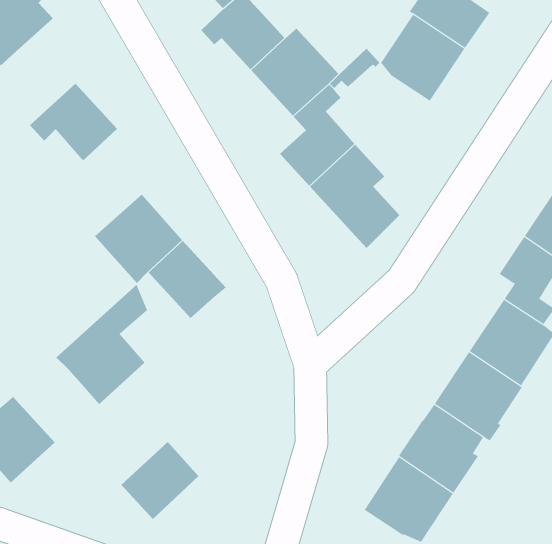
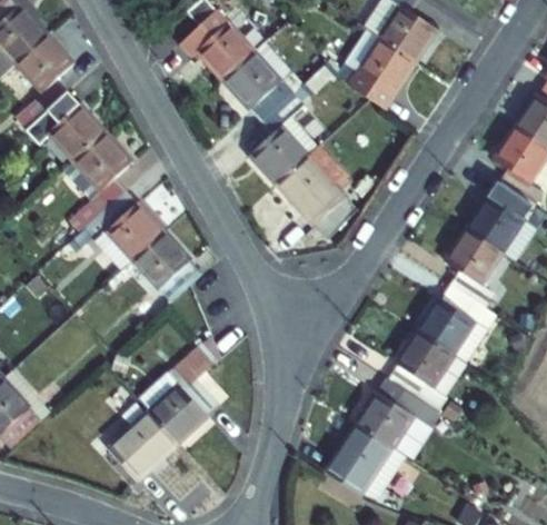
building: none -> [16,34,73,129]
building: none -> [64,132,132,228]
building: [56,284,148,405] -> [139,334,221,442]

